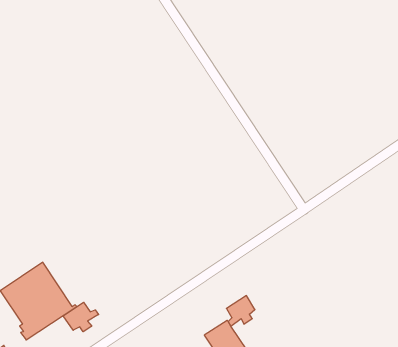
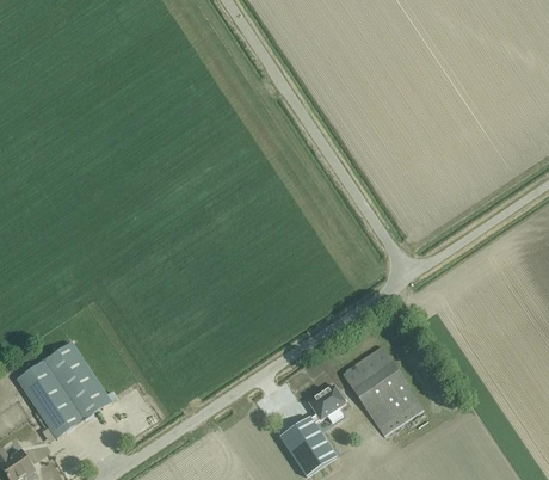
building: none -> [343,345,425,435]
building: [63,302,99,332] -> none

